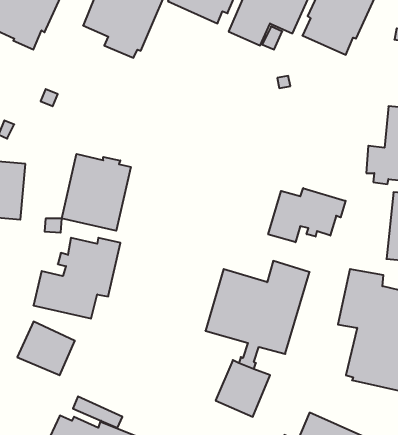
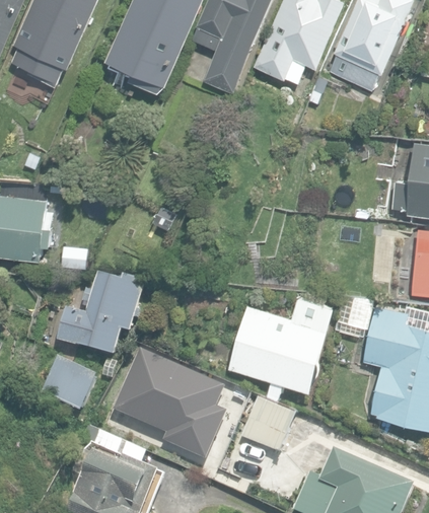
building: [62,154,131,231] -> none
building: [268,188,346,242] -> none
building: none -> [109,349,226,465]

